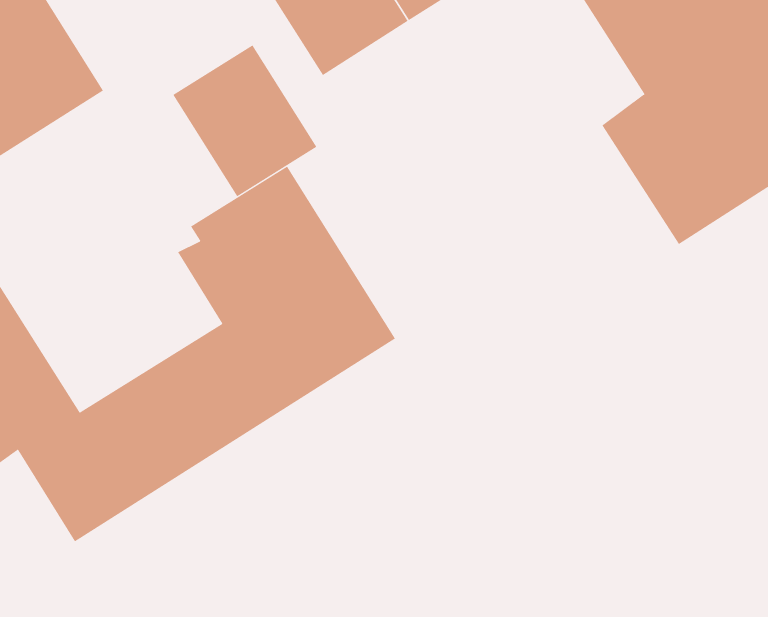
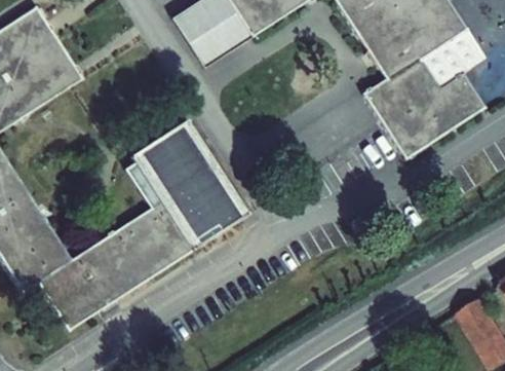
building: [172,45,317,197] -> none

